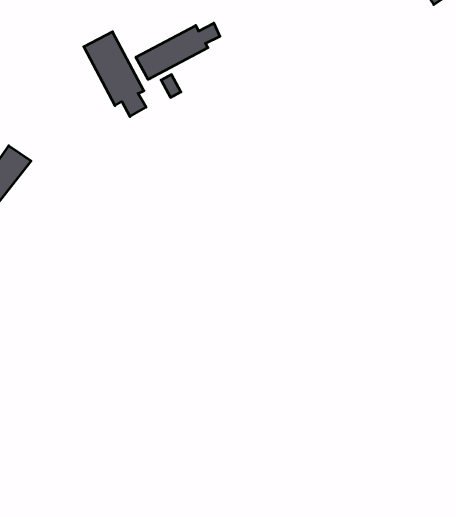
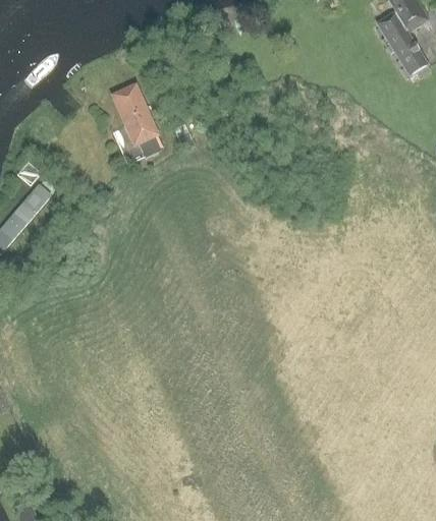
building: [136,23,220,79] -> none

